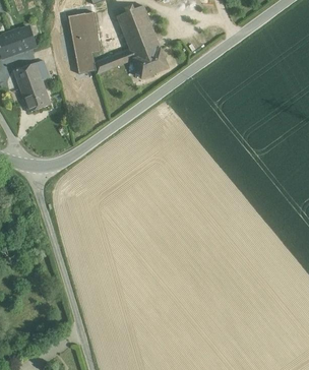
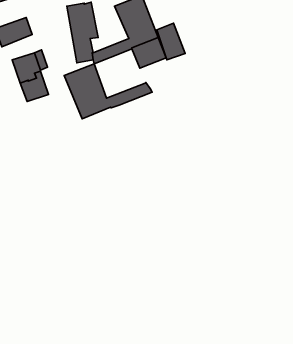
building: none -> [157,23,185,60]
building: none -> [64,64,152,119]

